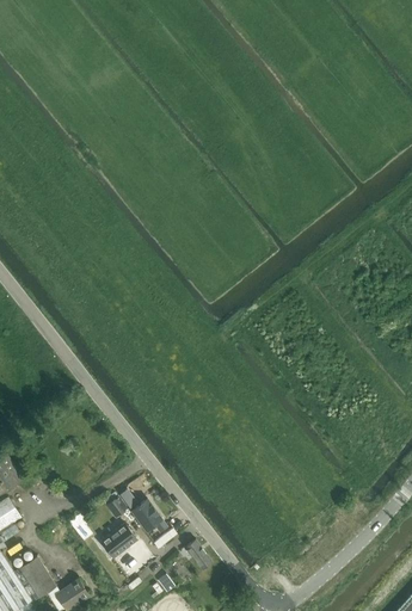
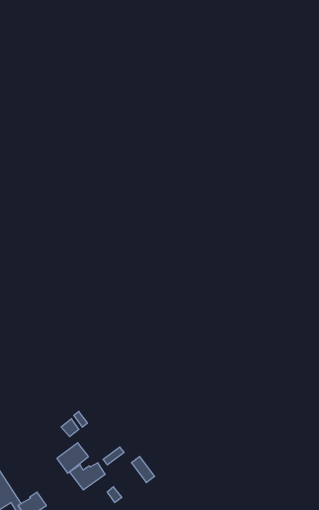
building: [130,499,166,532] -> none

